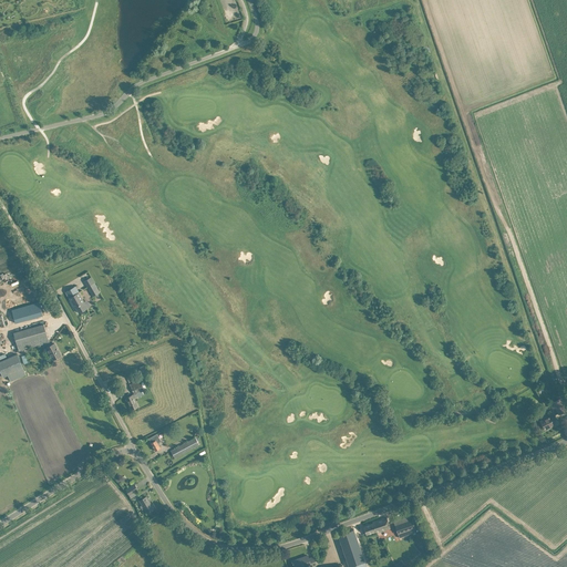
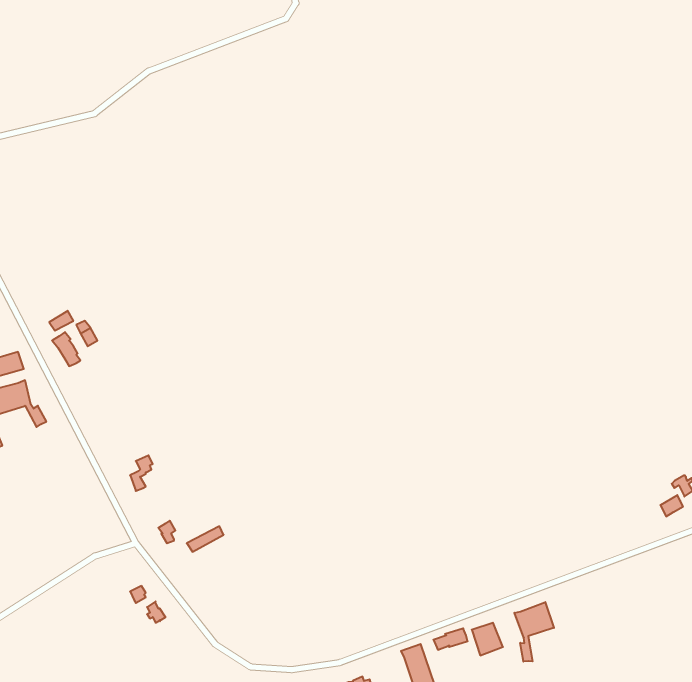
building: none -> [514,602,554,662]

